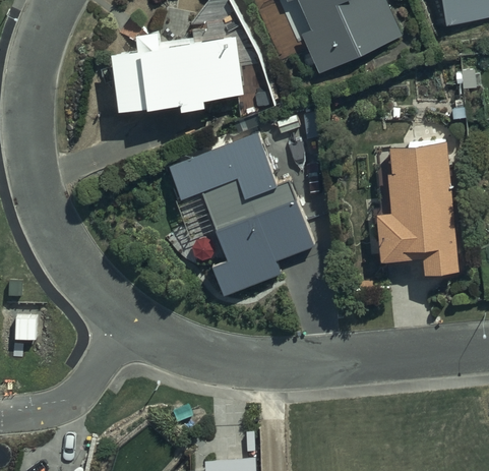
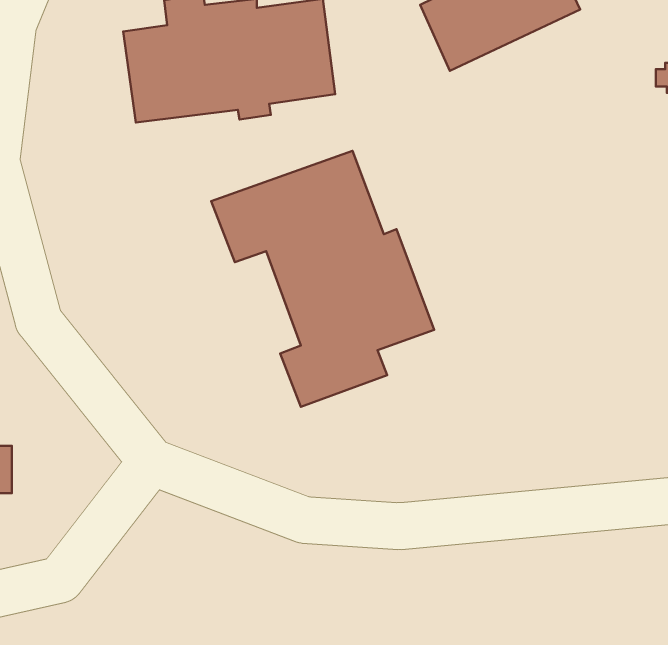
building: [376,138,457,278] -> none

